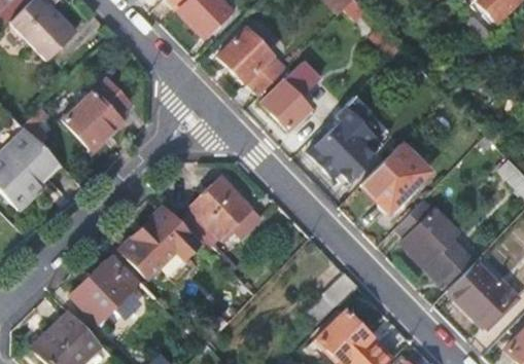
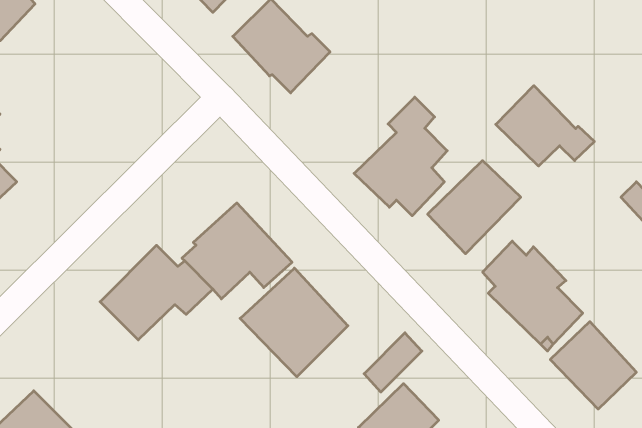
building: [261,71,312,131] -> none
building: [64,78,130,148] -> none
building: none -> [496,86,594,166]
building: none -> [240,268,348,377]
building: [73,255,142,324] -> none

